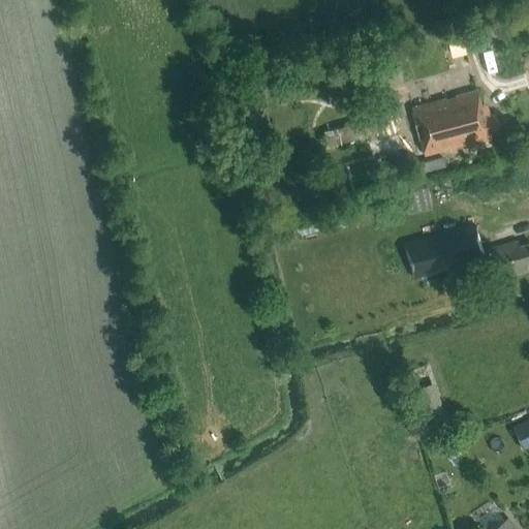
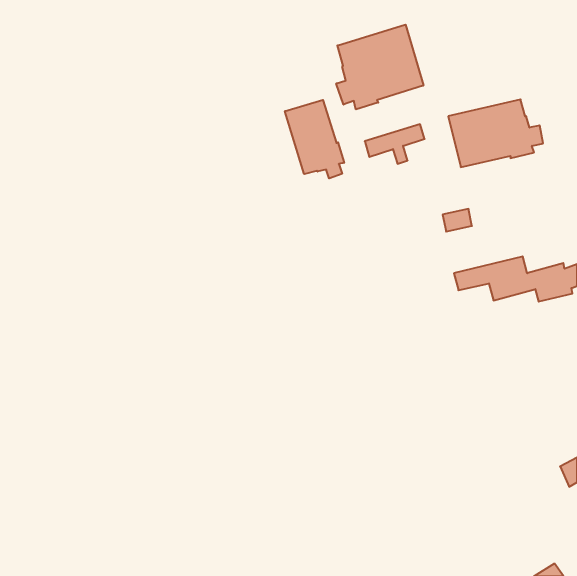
building: none -> [336,25,423,109]
building: none -> [285,100,344,178]

